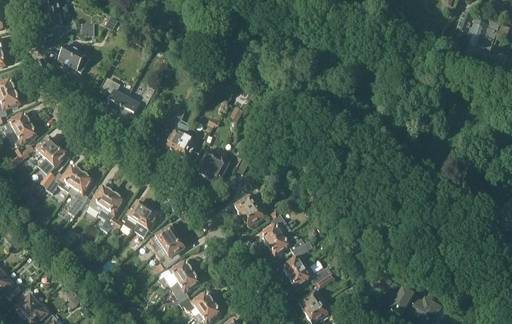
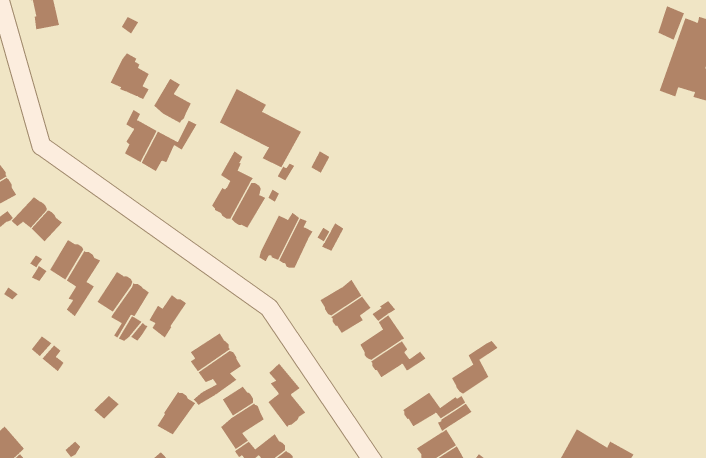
building: [59,41,85,72] -> [110,52,149,100]
building: none -> [154,78,191,124]
building: none -> [219,88,302,168]
building: [134,206,160,235] -> [156,391,196,435]
building: [282,240,313,276] -> [451,340,498,395]
building: none -> [268,363,306,428]

